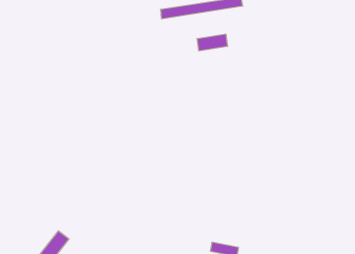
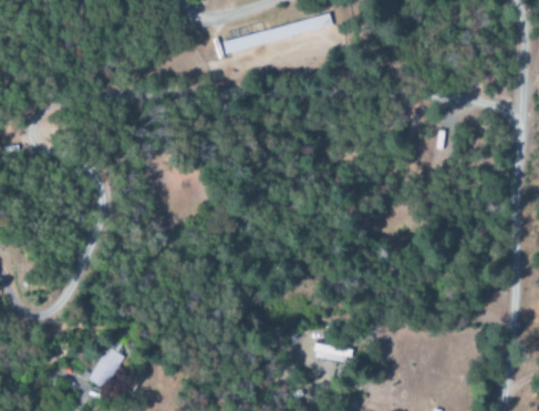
building: [197,34,228,51] -> none

